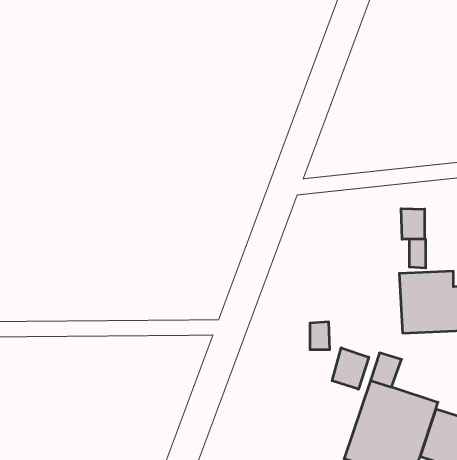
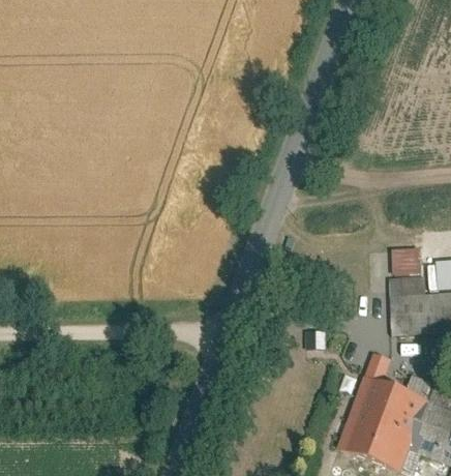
building: [401,209,425,239] -> none
building: [332,348,369,389] -> none

